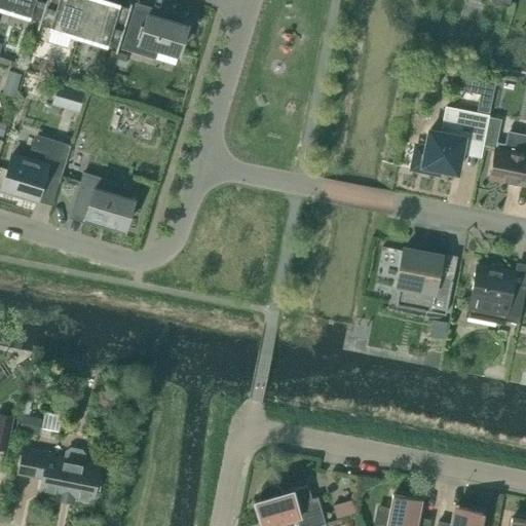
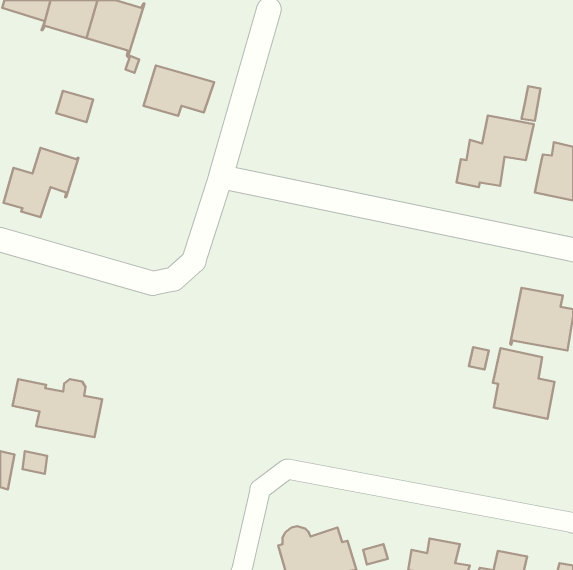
building: [123,11,188,58] -> [143,65,214,116]
building: [73,176,135,229] -> none
building: [397,251,453,315] -> [493,348,554,419]
building: [18,449,101,502] -> [13,379,102,437]

